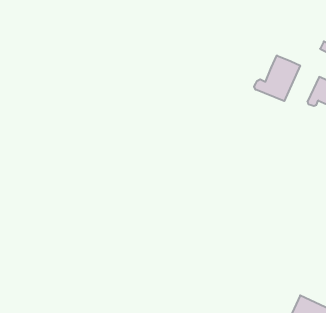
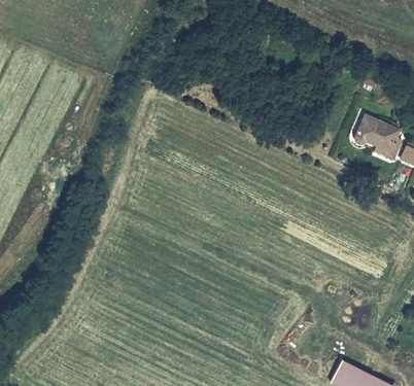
building: [254,55,300,101] -> none

